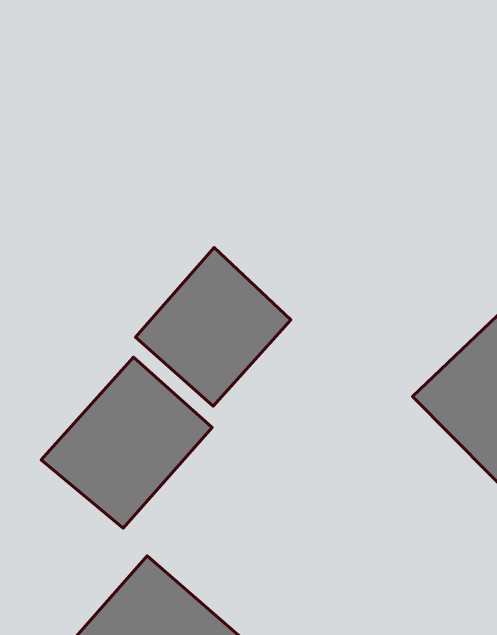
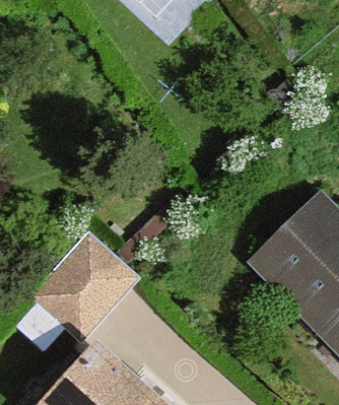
building: [135,248,291,406] -> none

